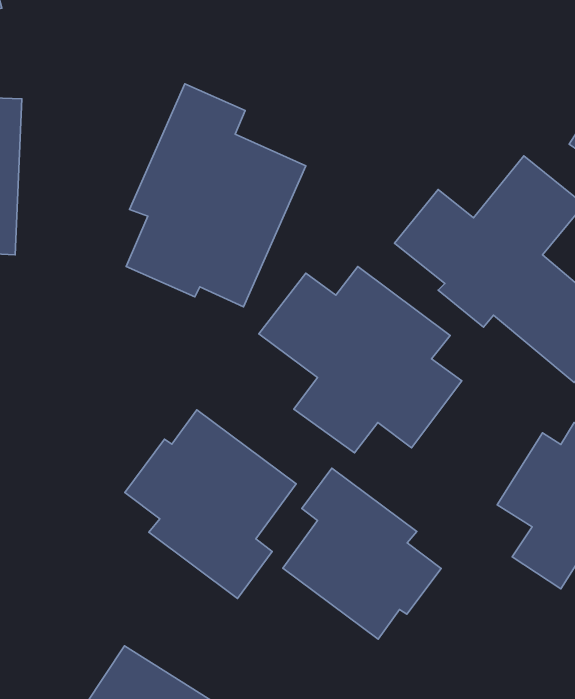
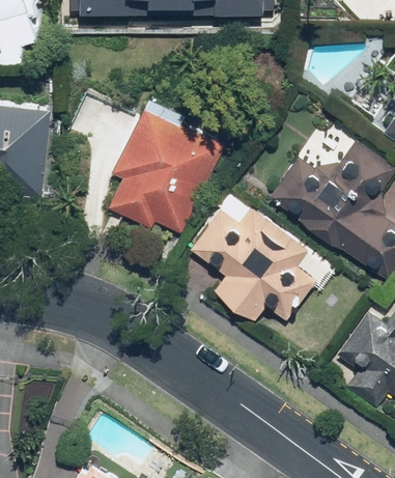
building: [125,410,296,598] -> none
building: [283,468,441,639] -> none

